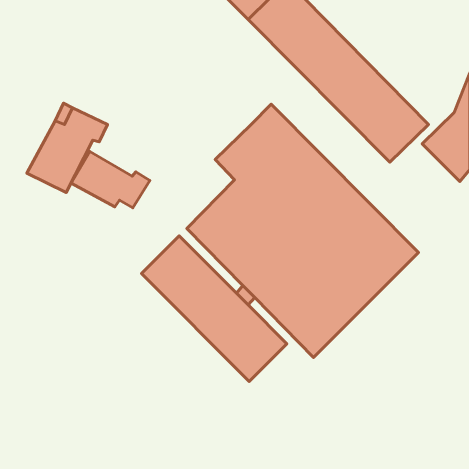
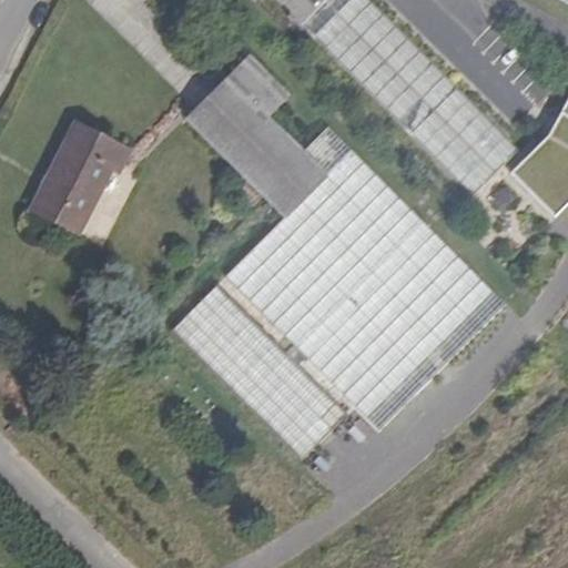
building: none -> [185,54,304,192]
building: [71,152,150,208] -> none

